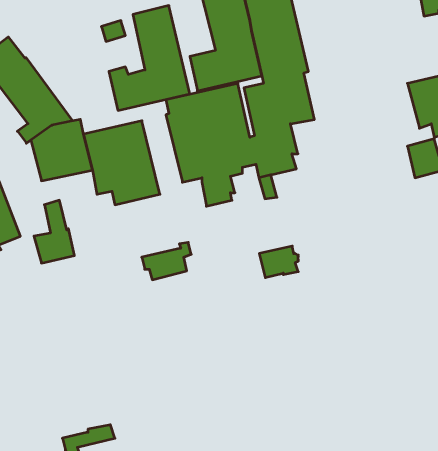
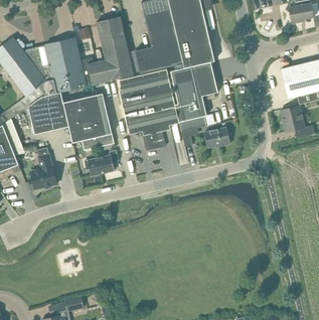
building: none -> [25,37,87,94]
building: [142,242,191,280] -> [85,151,118,176]
building: [259,246,298,278] -> [204,127,230,148]

